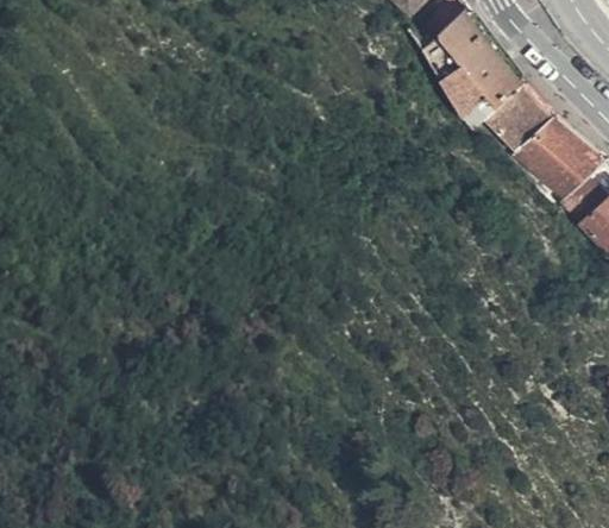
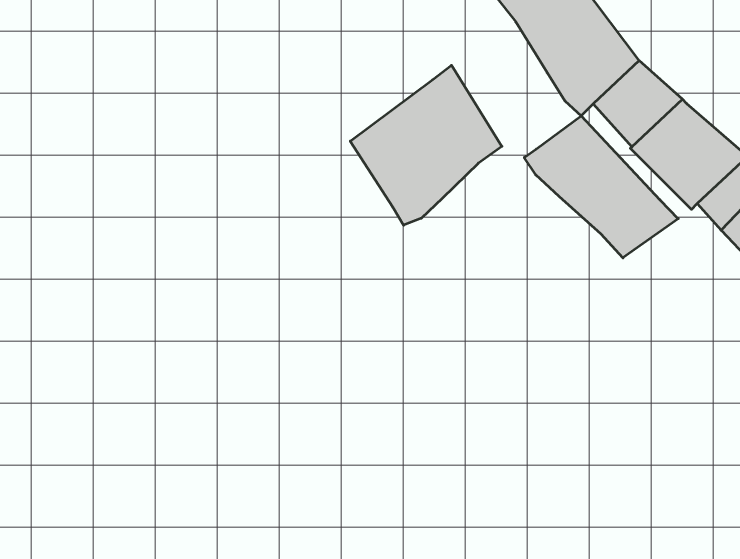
building: none -> [350,65,502,225]
building: none -> [524,116,678,258]

